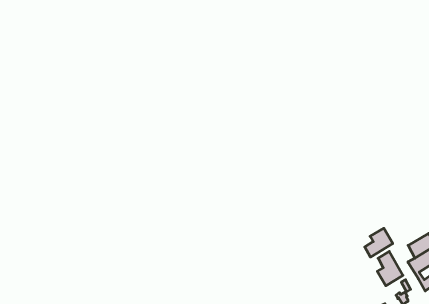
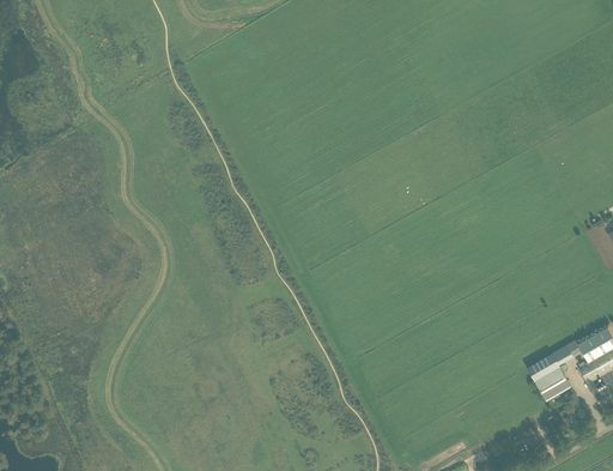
building: [365,228,393,257] -> none

